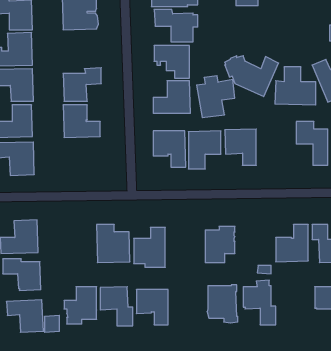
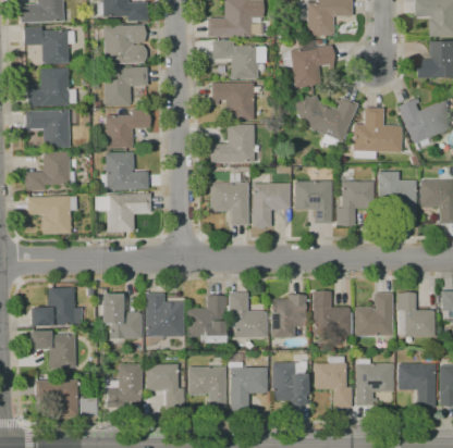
building: none -> [102,66,147,105]
building: [197,76,235,118] -> [289,39,333,88]
building: none -> [336,182,372,225]
building: none -> [97,194,151,232]
building: none -> [313,290,351,333]
building: none -> [228,293,267,338]
building: none -> [100,294,142,338]
building: none -> [230,356,270,412]
building: none -> [357,360,395,408]

